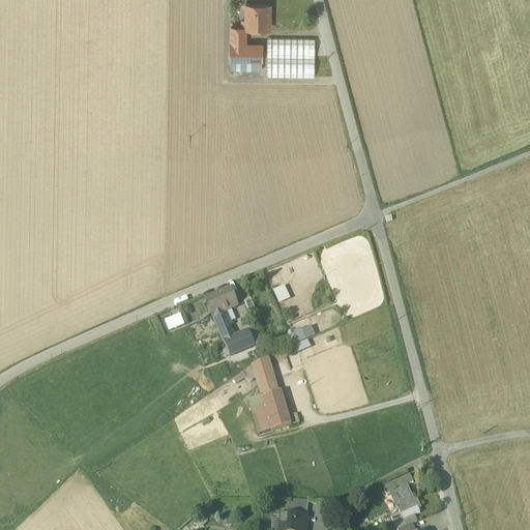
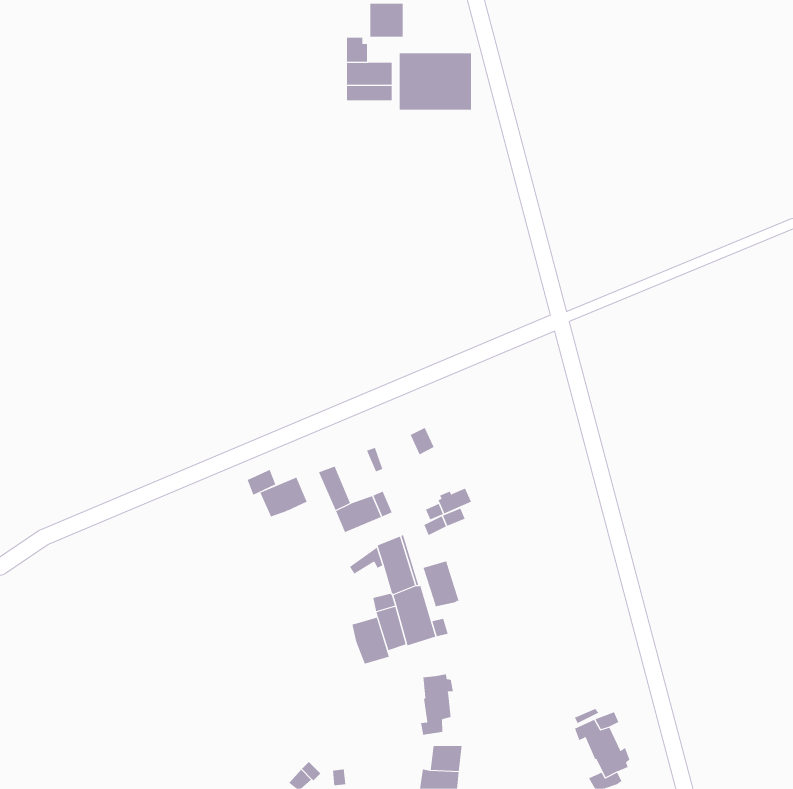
building: [205,288,237,315] -> [260,477,308,517]
building: none -> [422,560,459,607]
building: none -> [352,617,390,665]
building: none -> [421,674,453,735]

